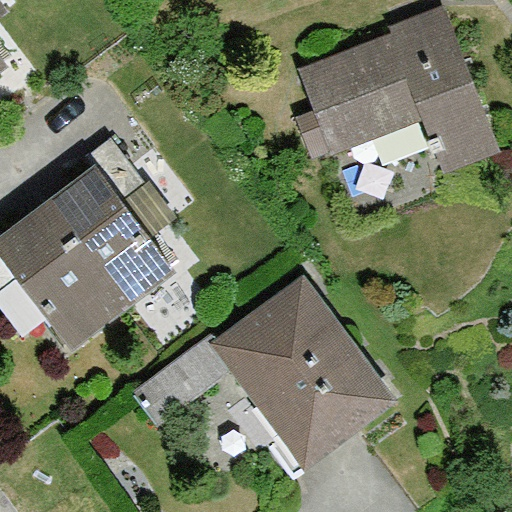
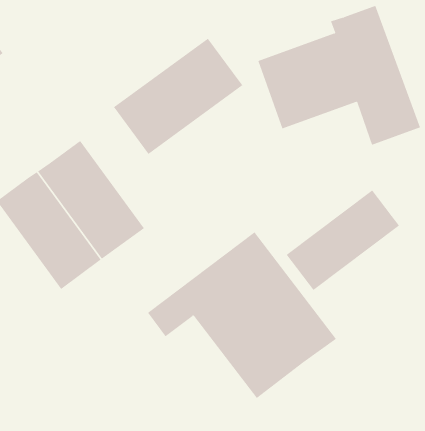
building: none -> [113,38,243,155]
building: none -> [286,190,400,291]

